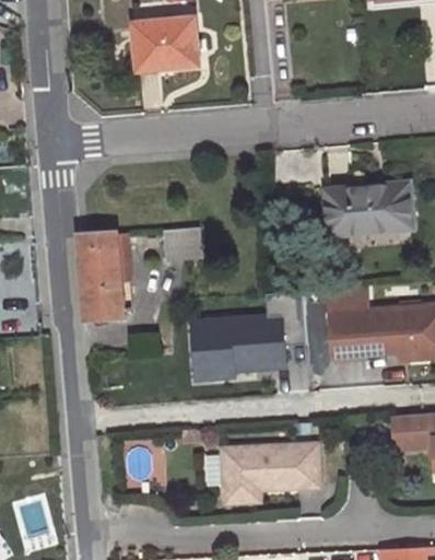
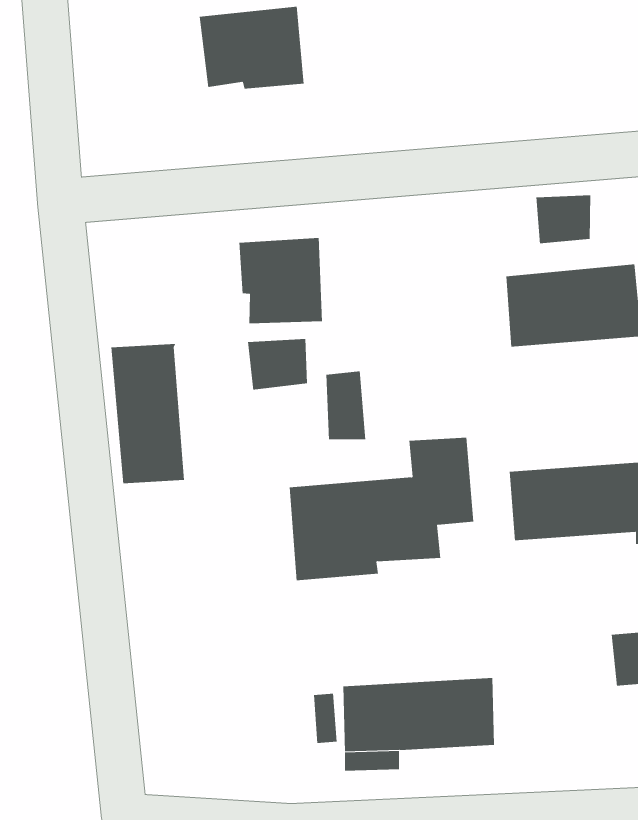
building: none -> [536,195,591,244]
building: none -> [239,237,323,324]
building: none -> [326,370,366,440]

